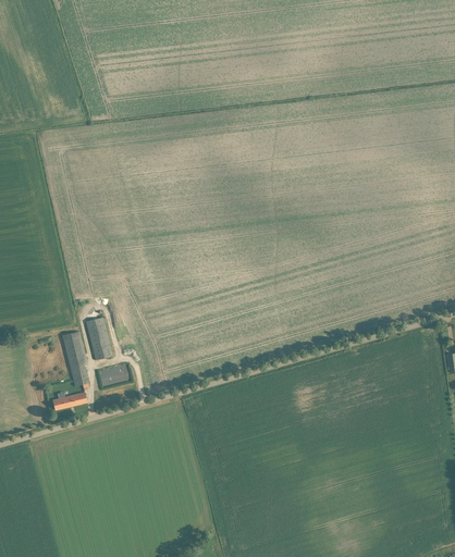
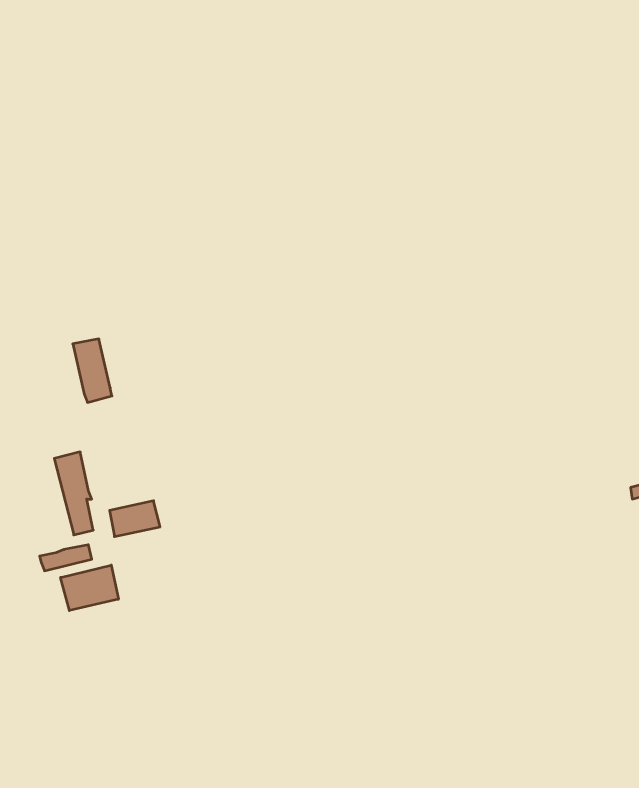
building: [84,317,110,359] -> [73,339,112,402]
building: none -> [61,565,118,611]

